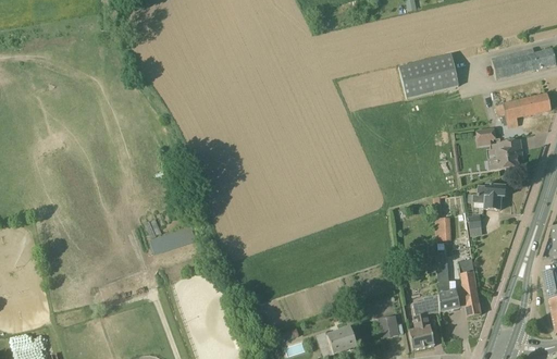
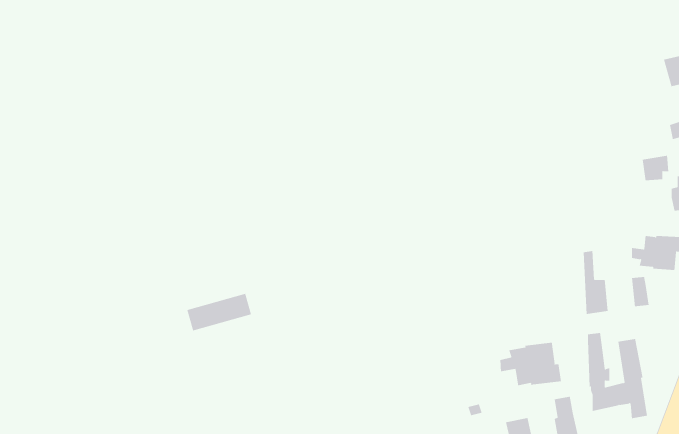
building: [399,53,460,98] -> none
building: none -> [500,342,562,386]

